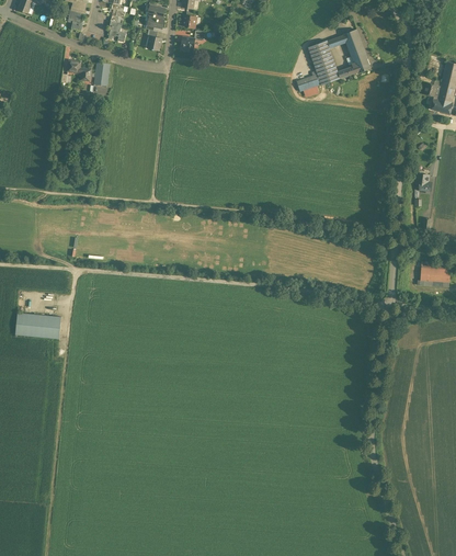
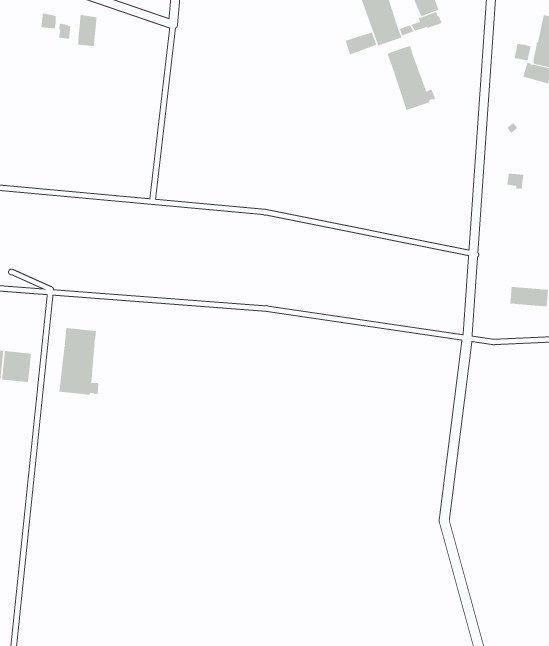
building: none -> [386,45,436,111]
building: none -> [59,327,99,396]

